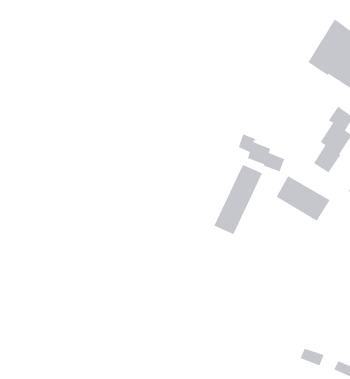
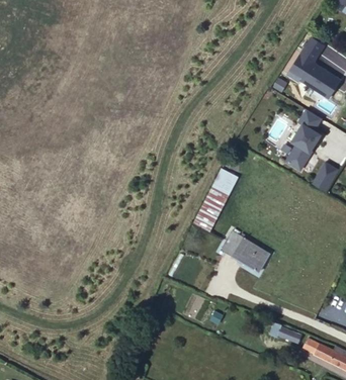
building: [238,134,285,172] -> none
building: [276,176,331,222] -> [219,231,268,273]

